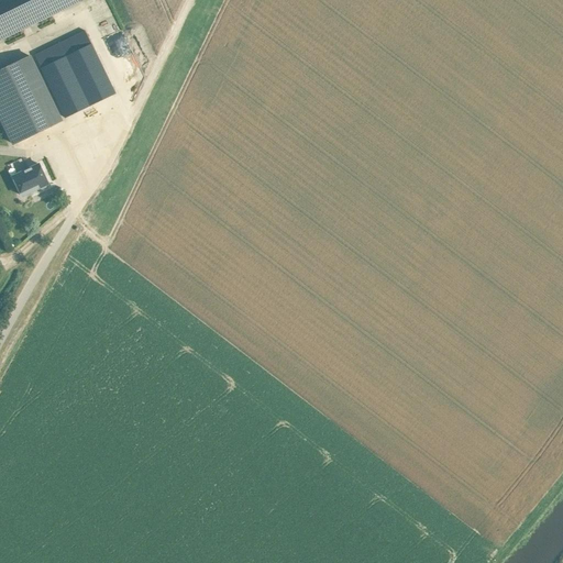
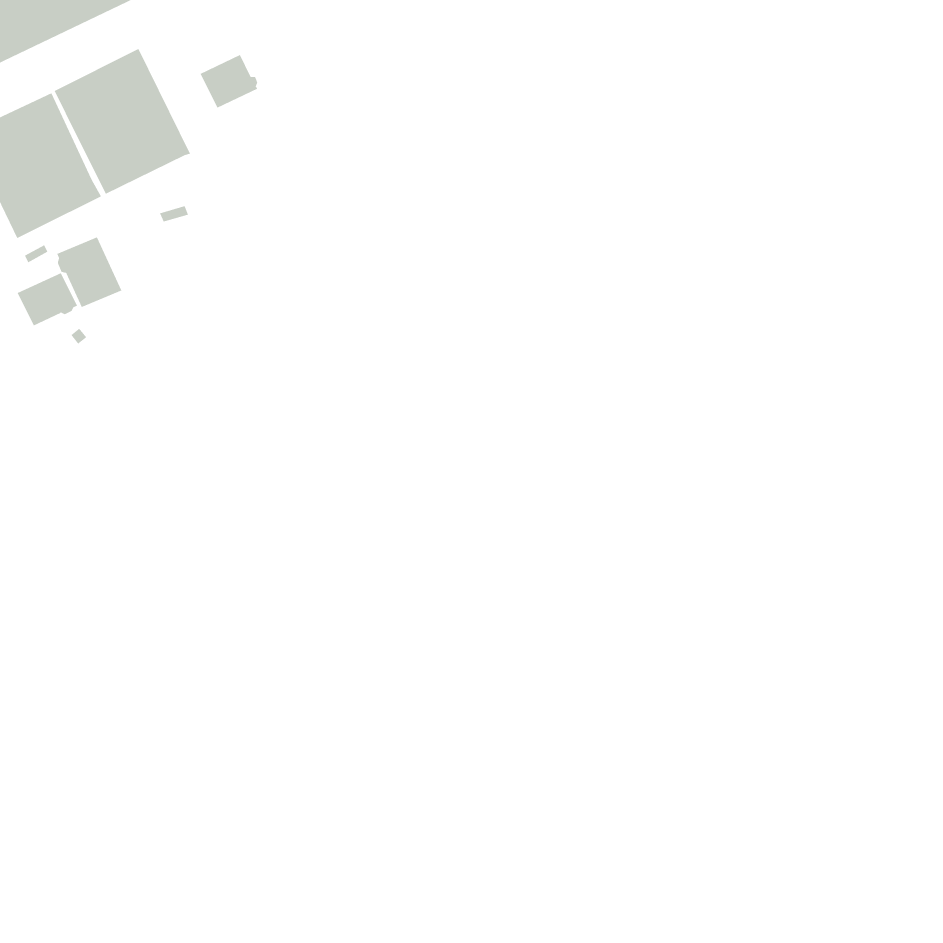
building: none -> [200,54,258,108]
building: none -> [56,236,122,308]

